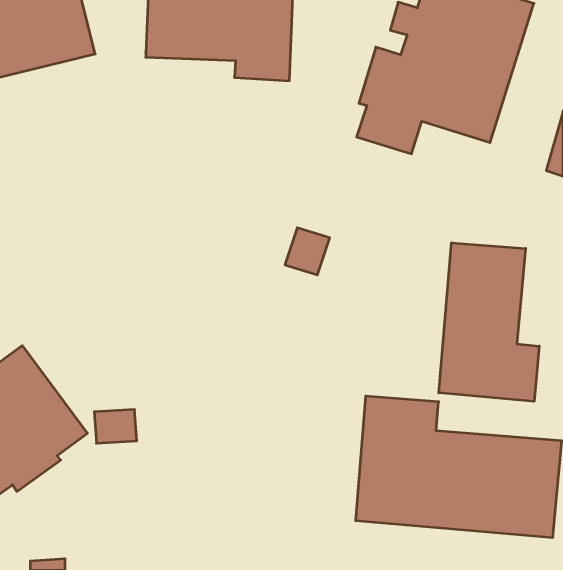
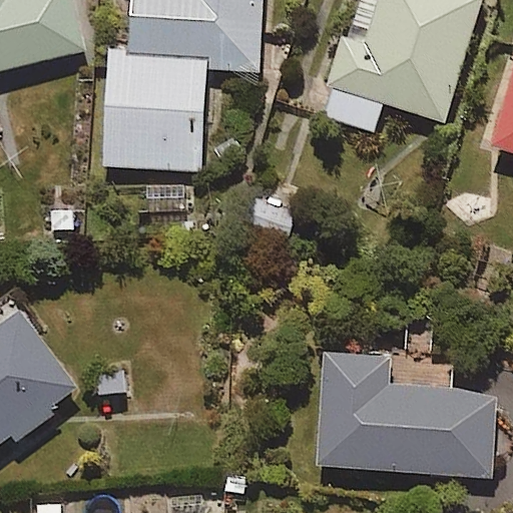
building: none -> [102,46,210,169]
building: [439,243,539,401] -> none

